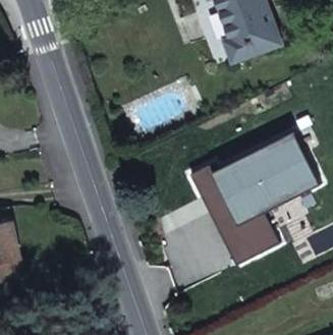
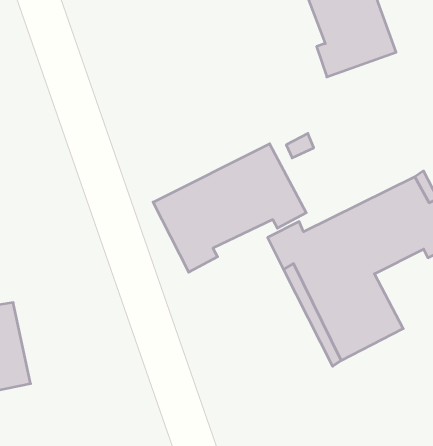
building: none -> [153,144,306,272]

